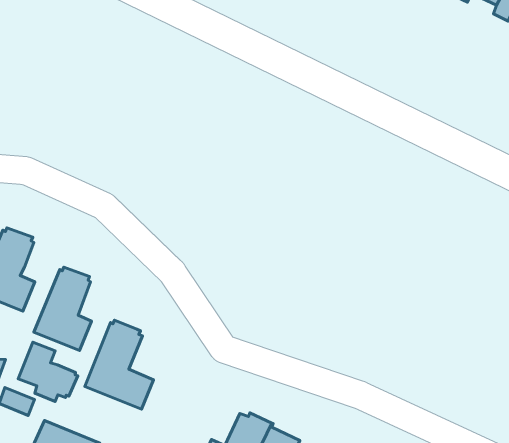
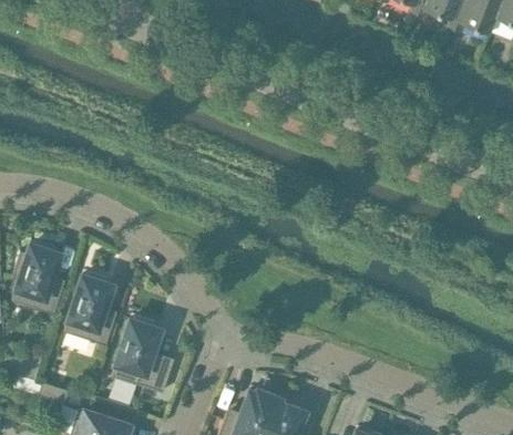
building: [18,342,78,402] -> none

